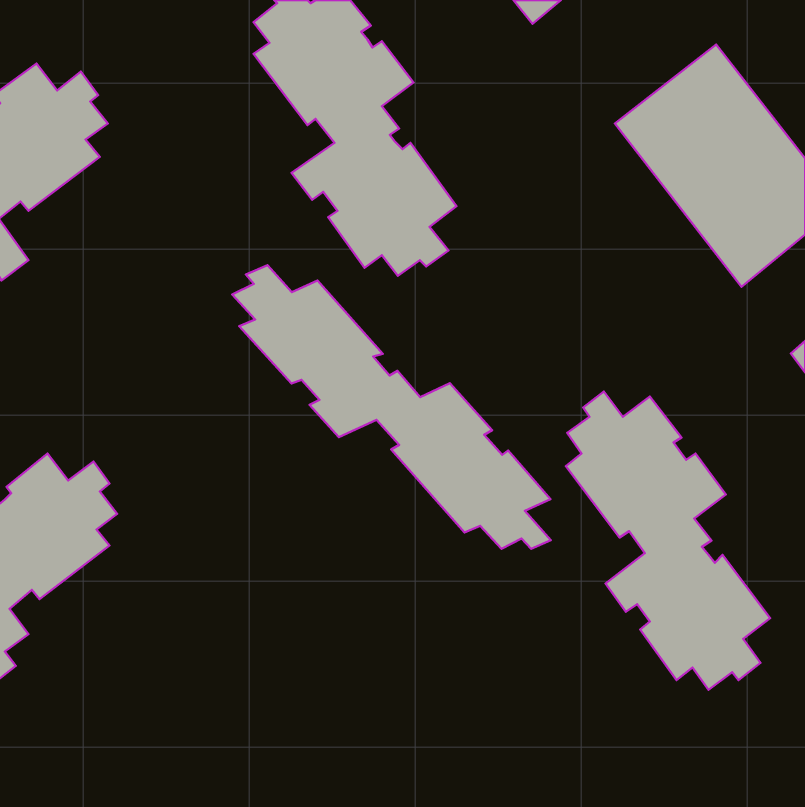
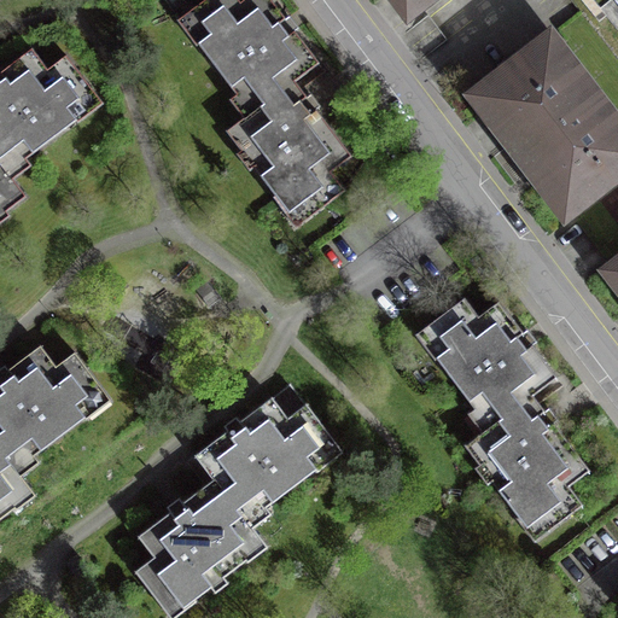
building: [232,265,551,549] -> none
building: none -> [132,400,321,602]

